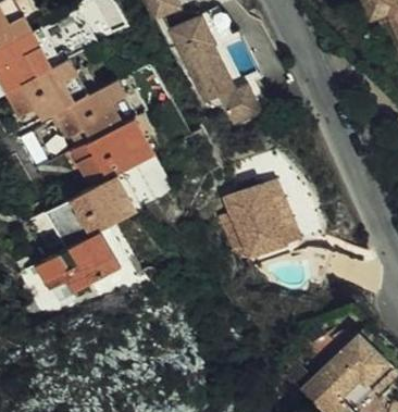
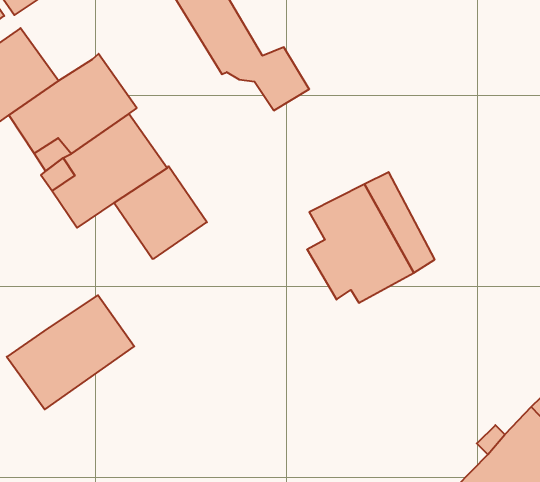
building: [43,176,134,253] -> none

